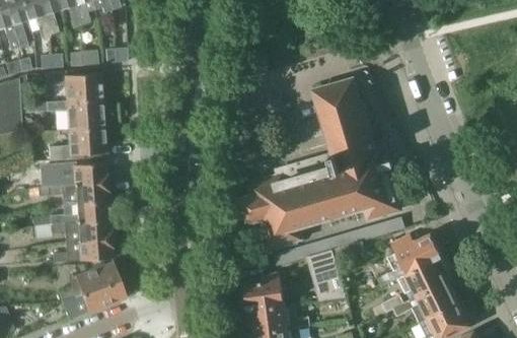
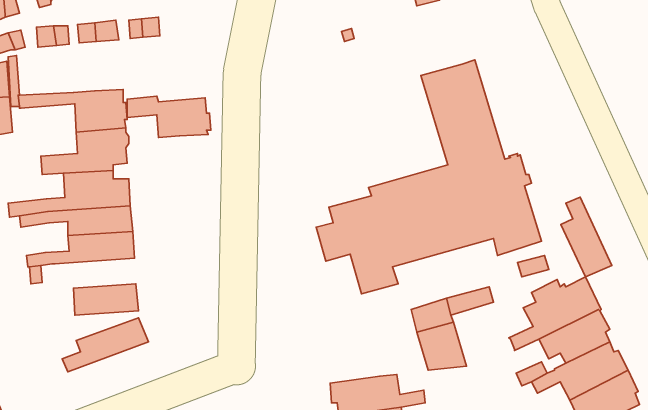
building: [44,72,103,102] -> [127,96,211,137]
building: none -> [561,197,612,277]
building: [51,220,110,242] -> none
building: [242,275,285,310] -> none
building: [62,280,126,319] -> none

